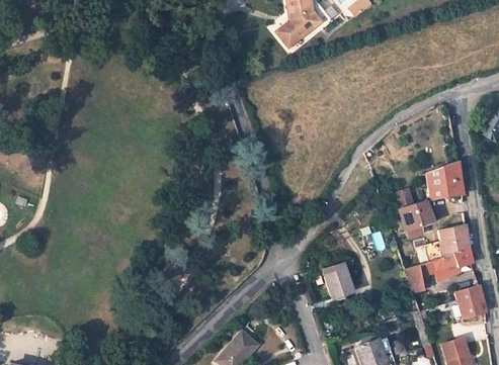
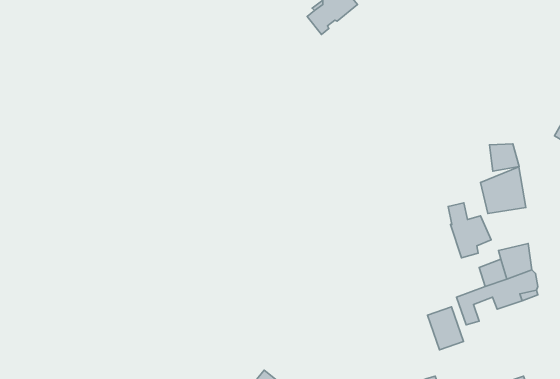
building: none -> [490,144,519,171]
building: [323,262,353,298] -> [428,307,463,350]
building: [454,284,485,318] -> none

